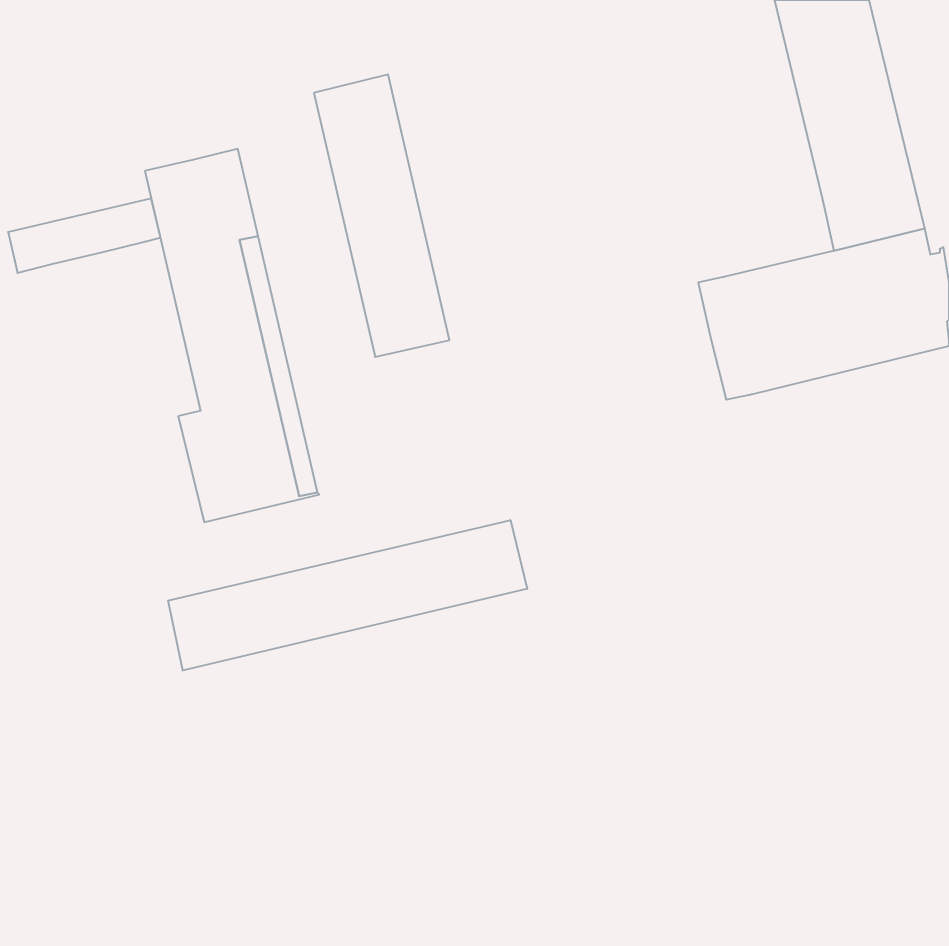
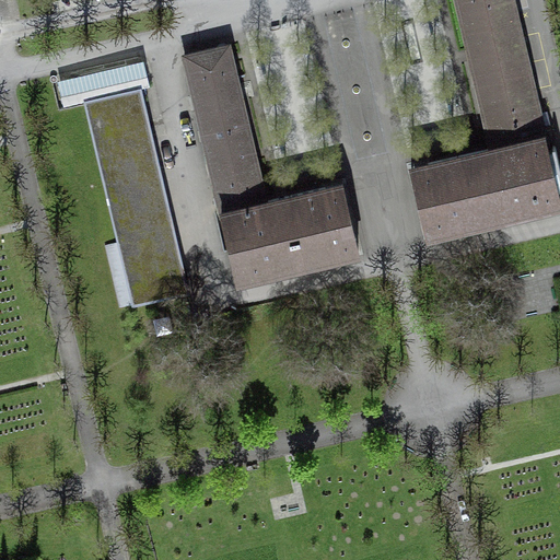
building: [8,199,160,273] -> [59,65,149,108]
building: none -> [221,185,358,282]
building: [168,520,527,671] -> none

